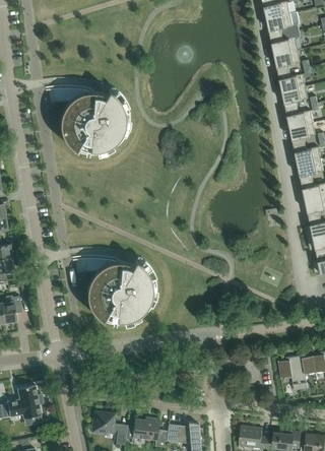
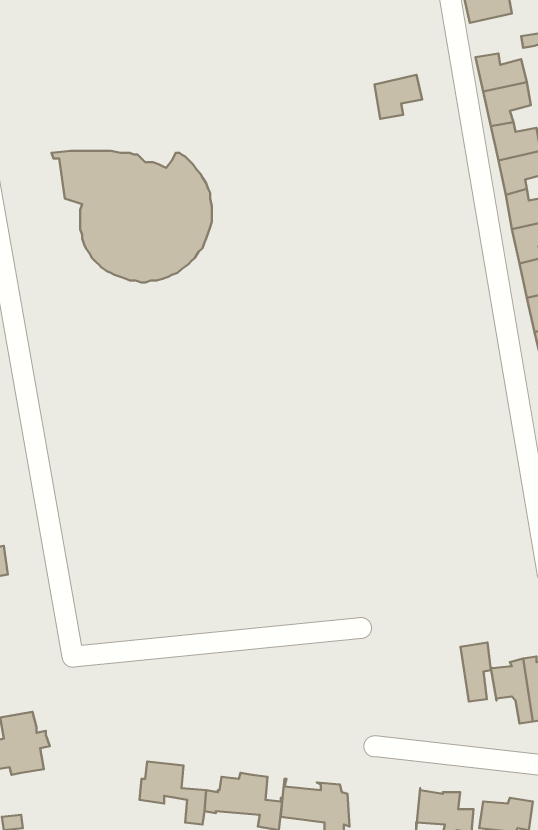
building: [267,13,292,37] -> [374,75,422,119]
building: [72,256,156,326] -> none
building: none -> [460,643,491,701]

